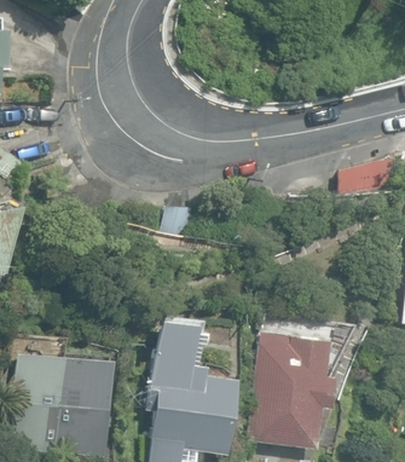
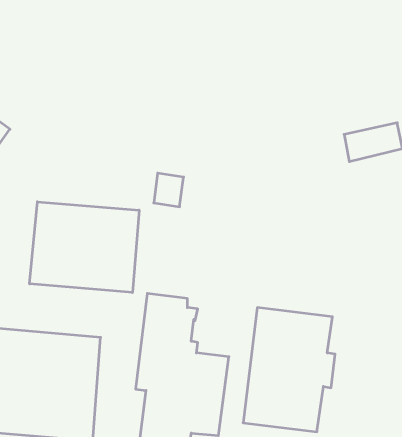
building: none -> [30,202,139,293]

